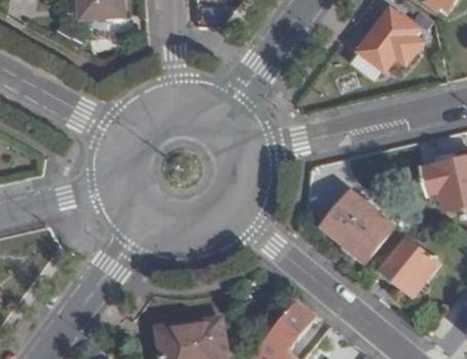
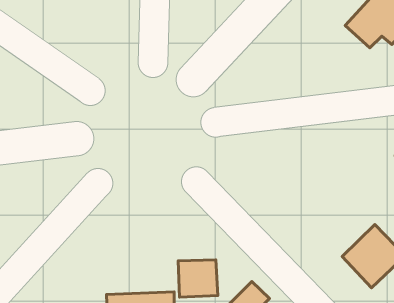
building: [322,191,393,261] -> none
building: none -> [178,260,218,297]

